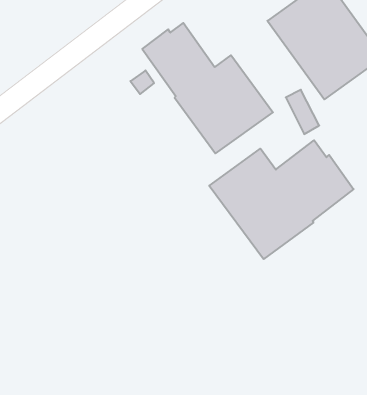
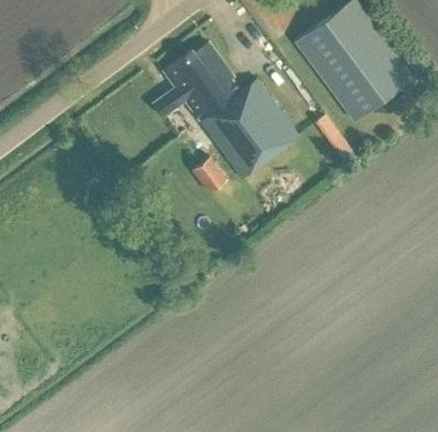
building: none -> [190,155,224,191]
building: [209,140,354,259] -> none

